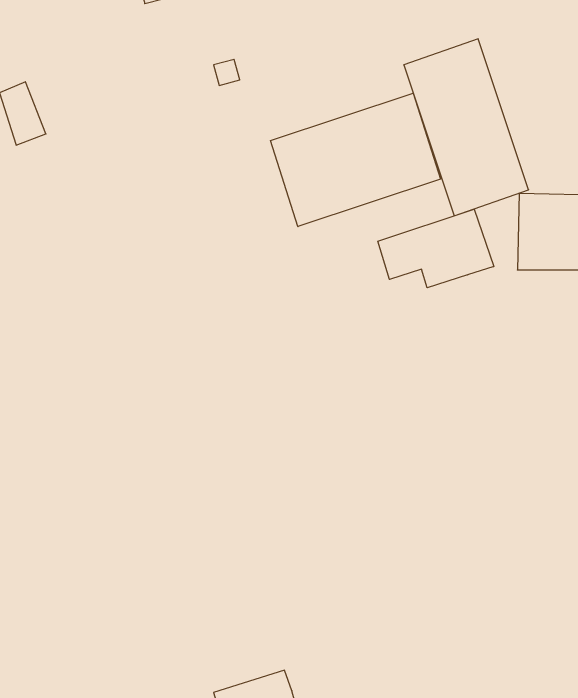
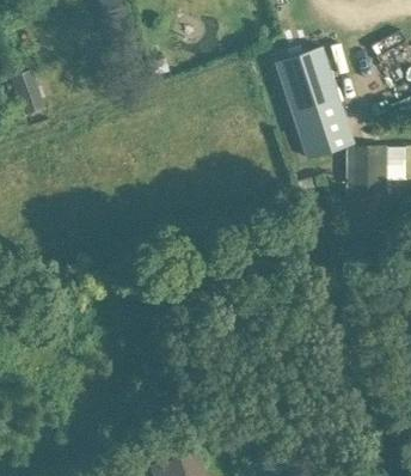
building: [270,93,441,227] -> none
building: [378,209,494,288] -> none

